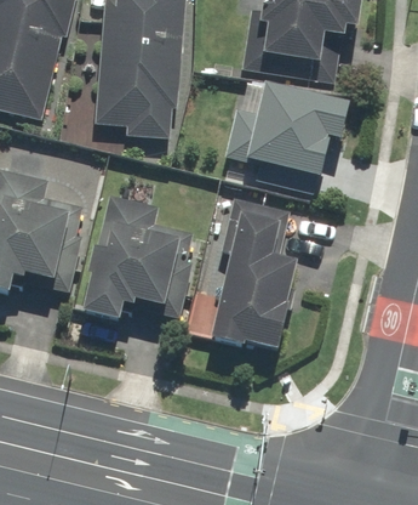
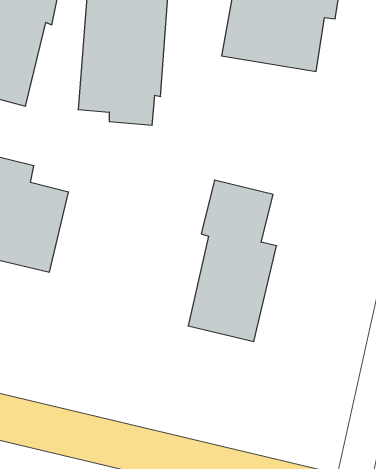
building: [227,83,348,193] -> none
building: [79,192,196,324] -> none

